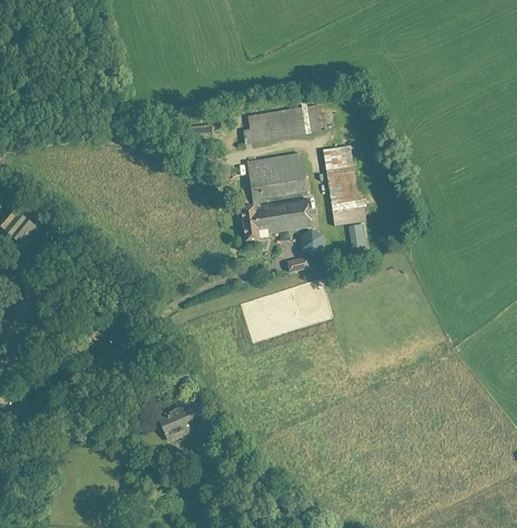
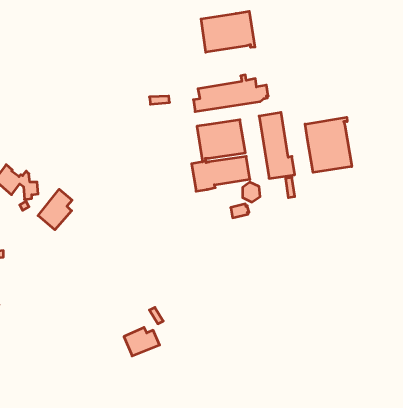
building: none -> [201,11,255,52]
building: none -> [305,117,352,172]
building: none -> [38,189,72,230]

